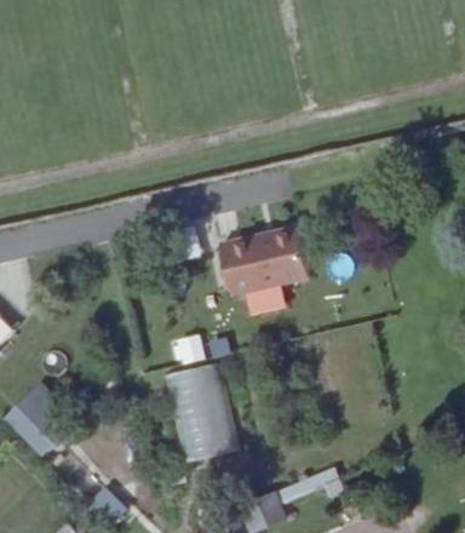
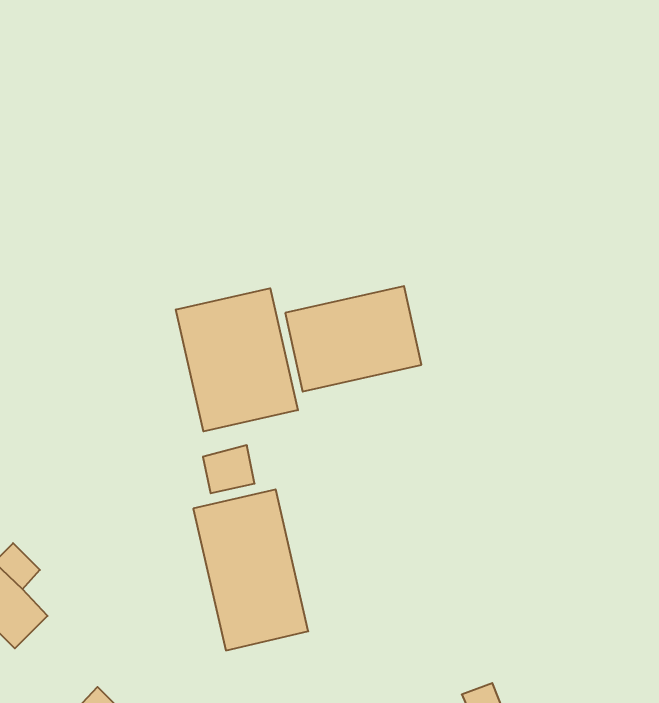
building: none -> [176,288,298,431]

